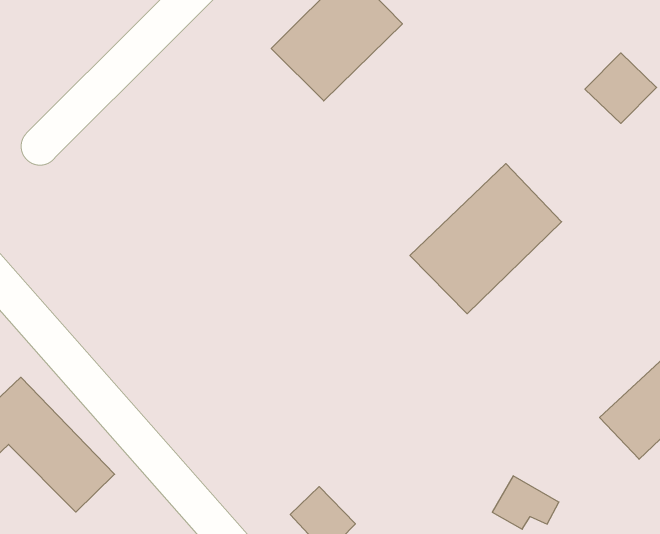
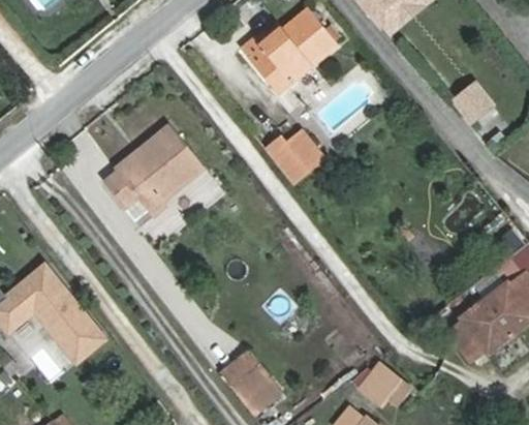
building: none -> [93,111,206,208]
building: none -> [271,128,325,183]
building: [410,164,562,314] -> none

